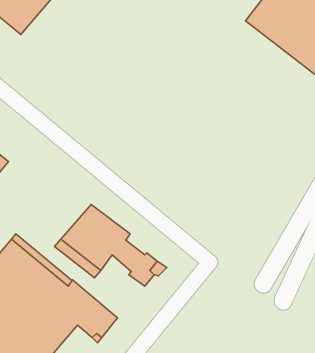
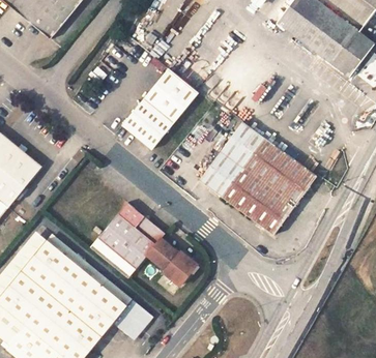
building: none -> [123,69,199,149]
building: none -> [203,124,317,234]

